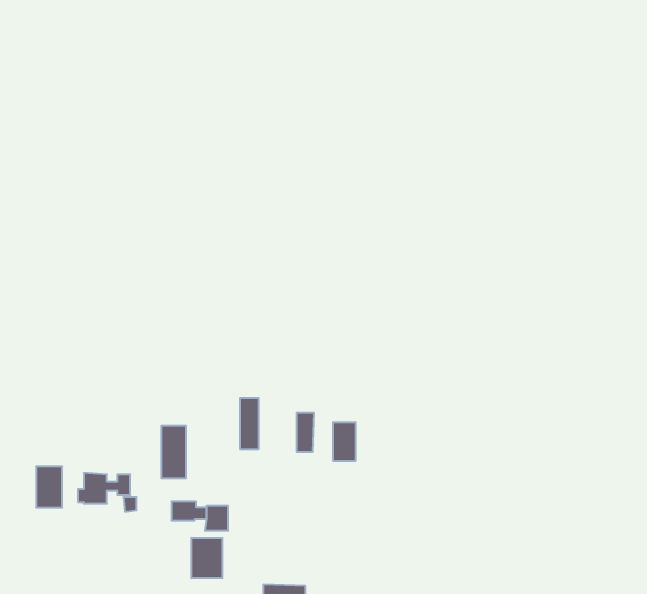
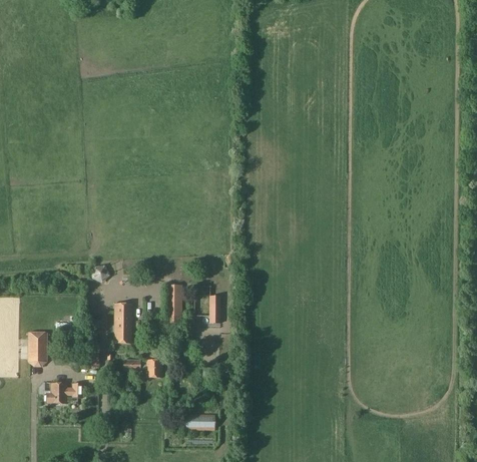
building: [333,422,355,461] -> none
building: [78,473,130,504] -> [46,382,82,403]
building: [191,538,222,578] -> none

